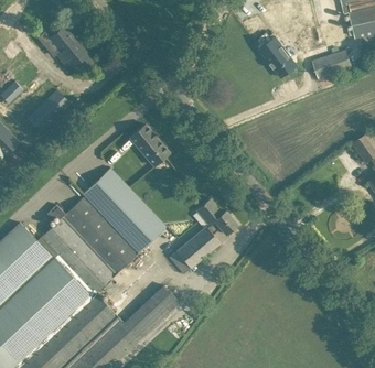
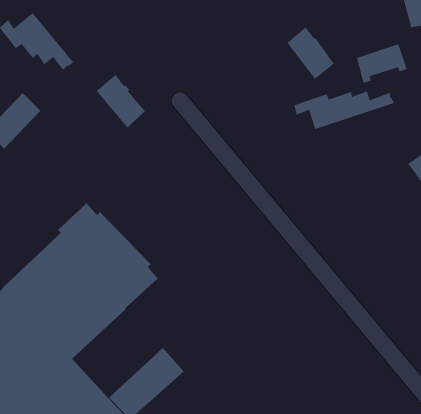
building: none -> [293,90,394,130]
building: [130,123,169,165] -> [96,74,146,128]
building: [169,198,237,273] -> none

